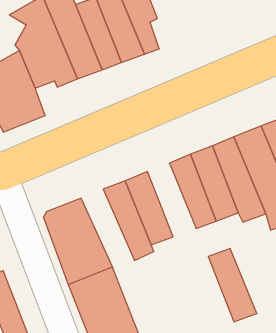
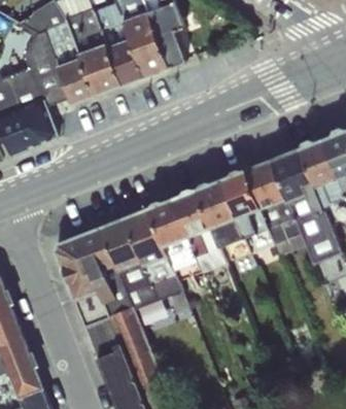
building: none -> [99,218,165,317]
building: [208,248,257,322] -> [173,190,228,272]

